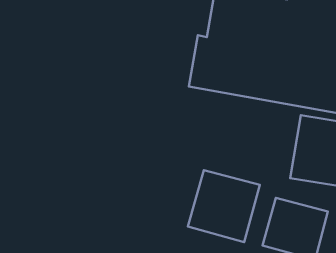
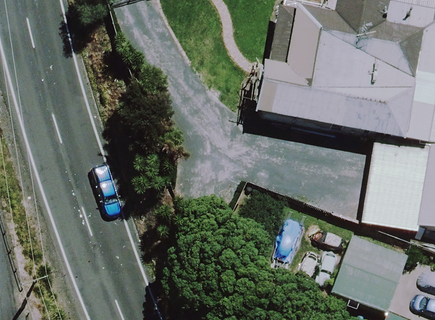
building: [188,170,260,242] -> none

